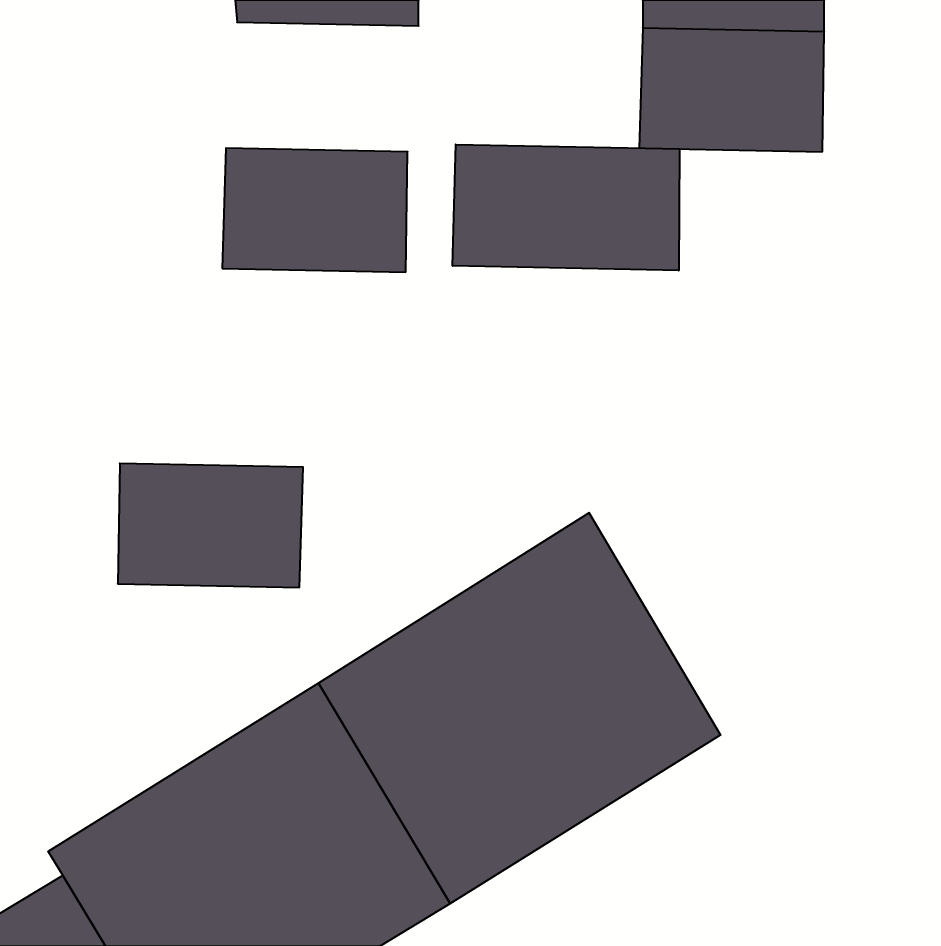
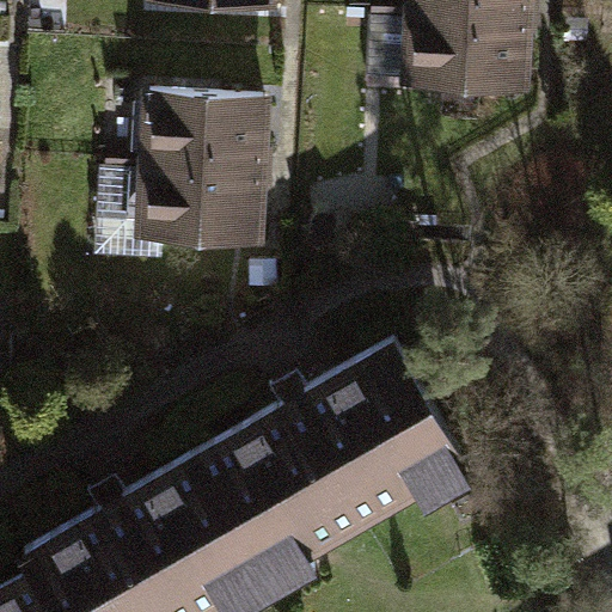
building: [453,144,680,271] -> none
building: [118,463,303,587] -> [142,173,262,253]

